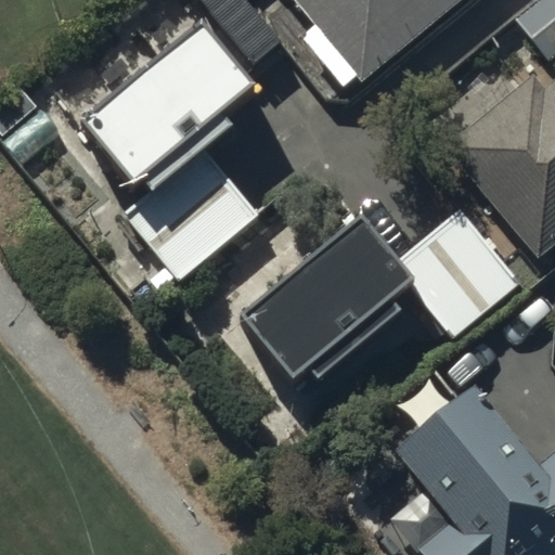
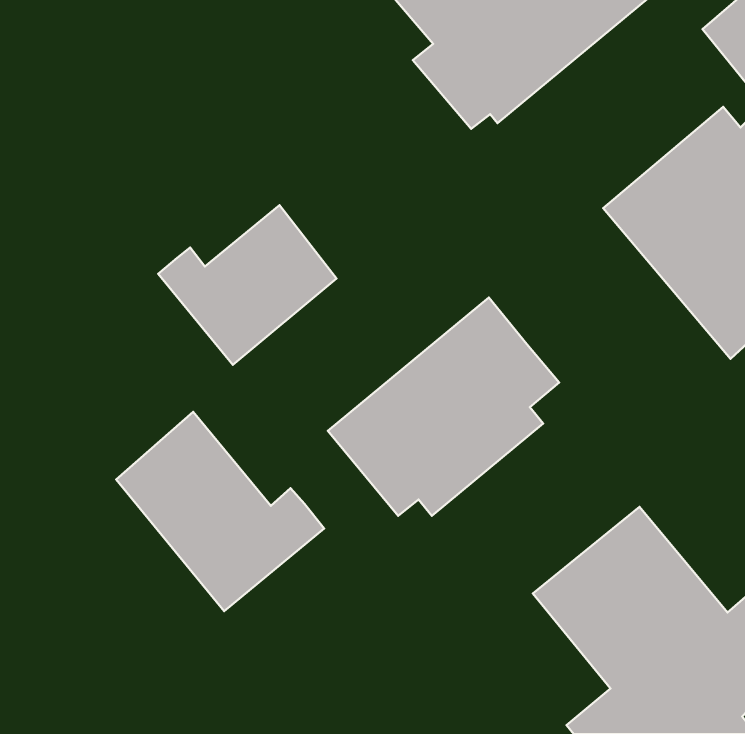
building: [79,25,256,197] -> none
building: [392,199,519,327] -> none
building: none -> [116,412,324,611]

